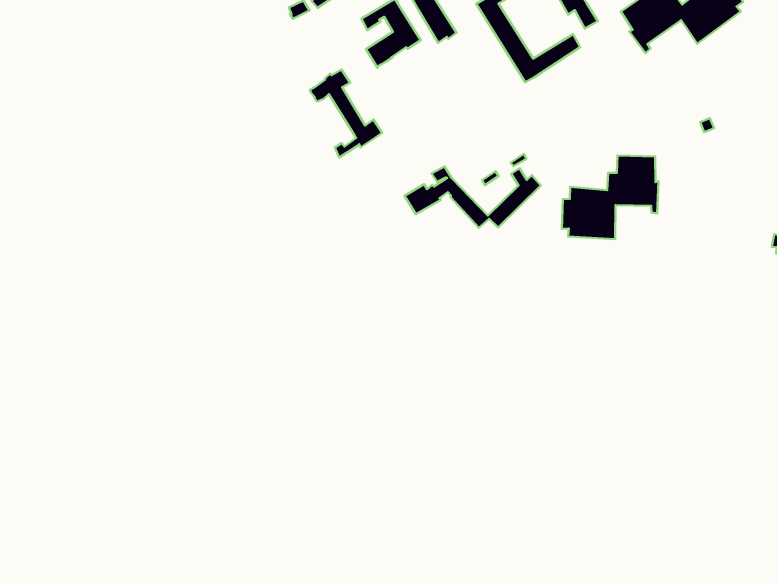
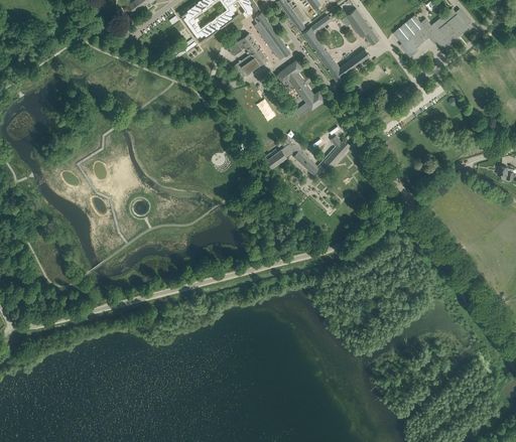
building: [310,70,382,157] -> [276,61,324,117]
building: [562,155,659,239] -> none

